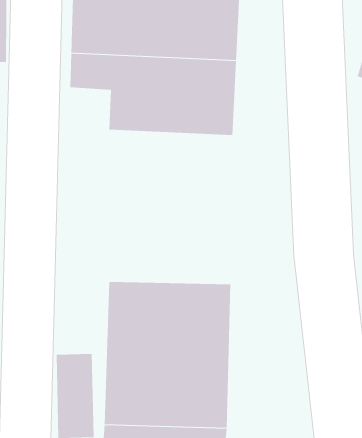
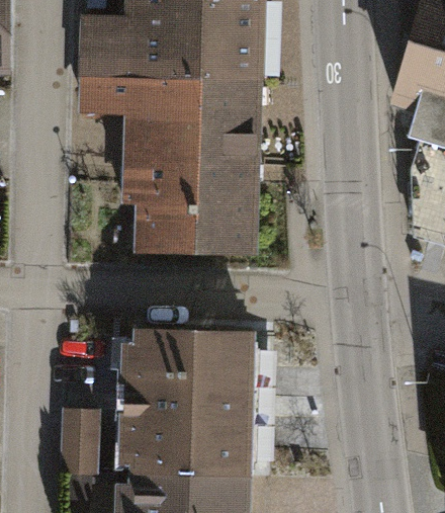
building: none -> [119,165,258,256]

